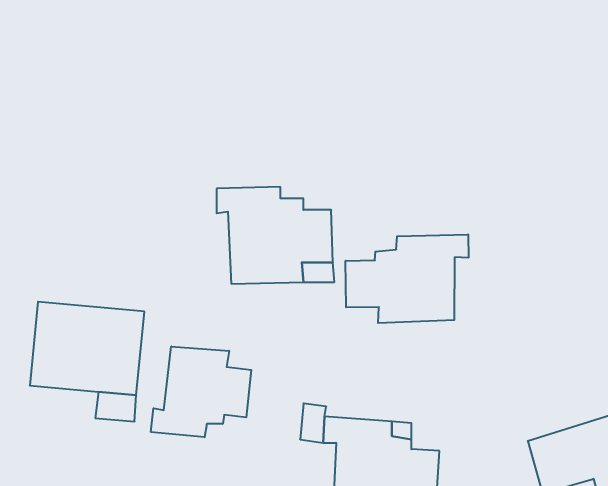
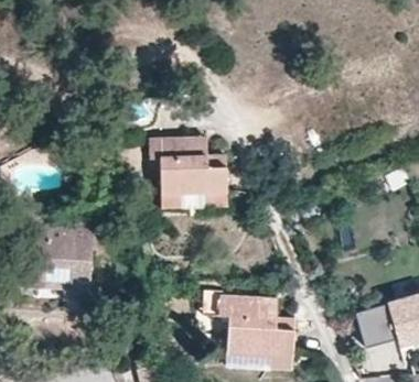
building: [346,234,468,323] -> none
building: [151,346,251,437] -> none

